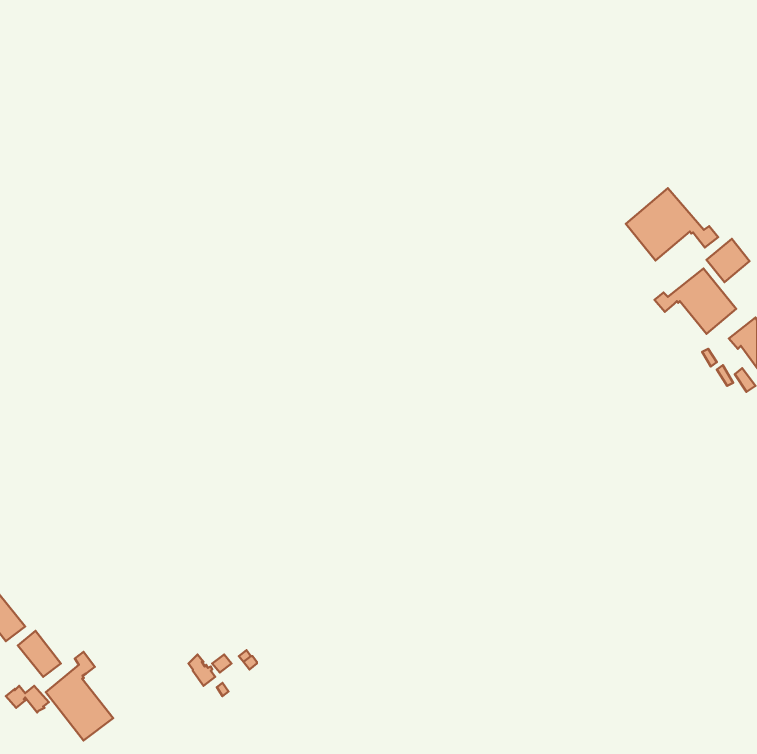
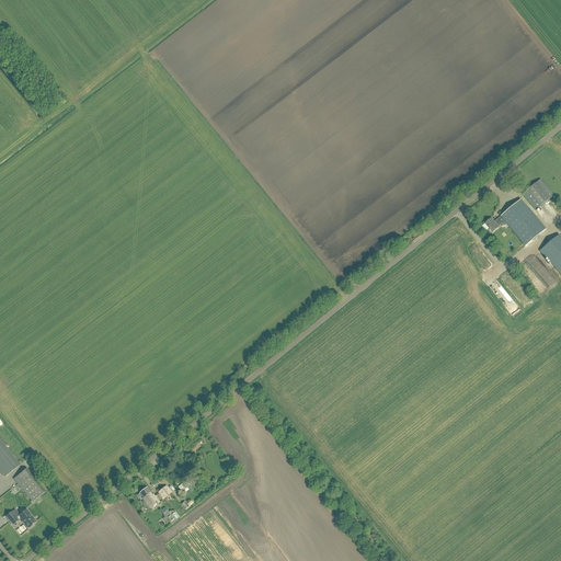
building: [626,188,718,260] -> none
building: [46,652,113,740] -> none

